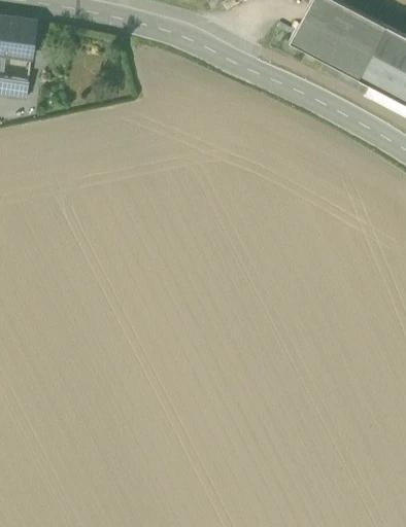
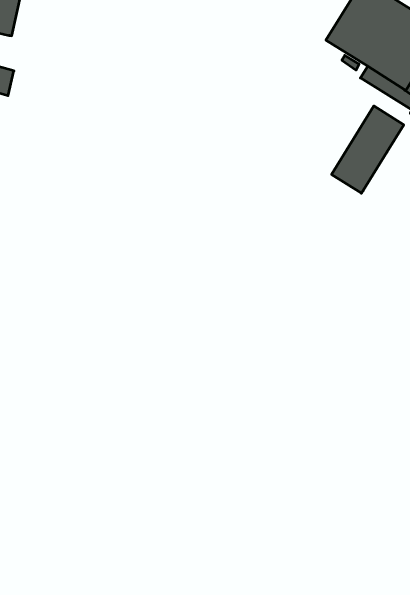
building: none -> [332,106,404,193]

